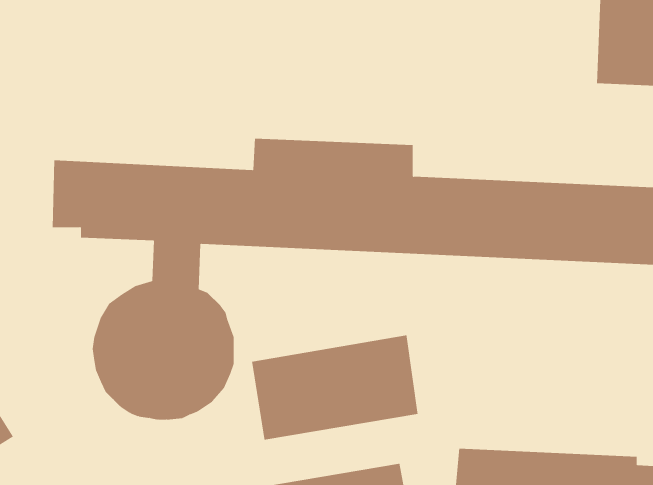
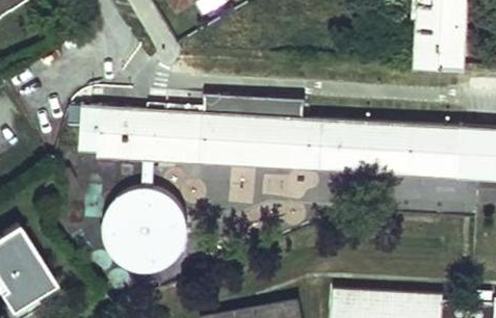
building: [252,335,418,441] -> none

